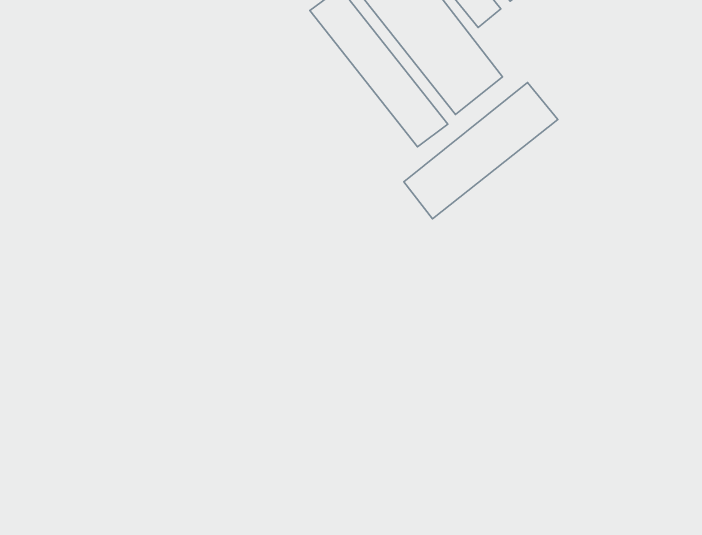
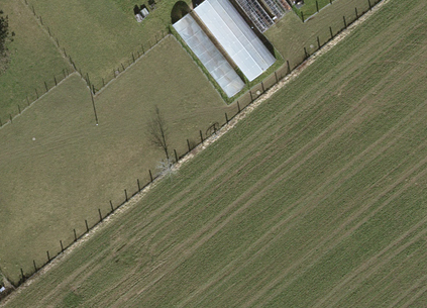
building: [404,82,558,219] -> none

